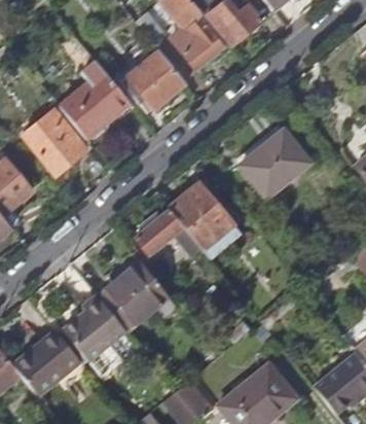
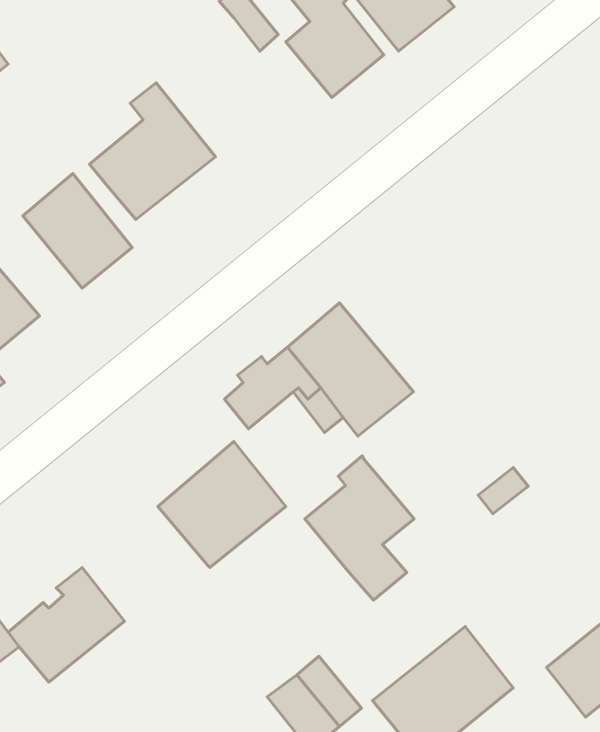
building: [121,50,185,109] -> none
building: [240,131,309,199] -> none
building: [65,295,125,376] -> [305,456,414,600]

